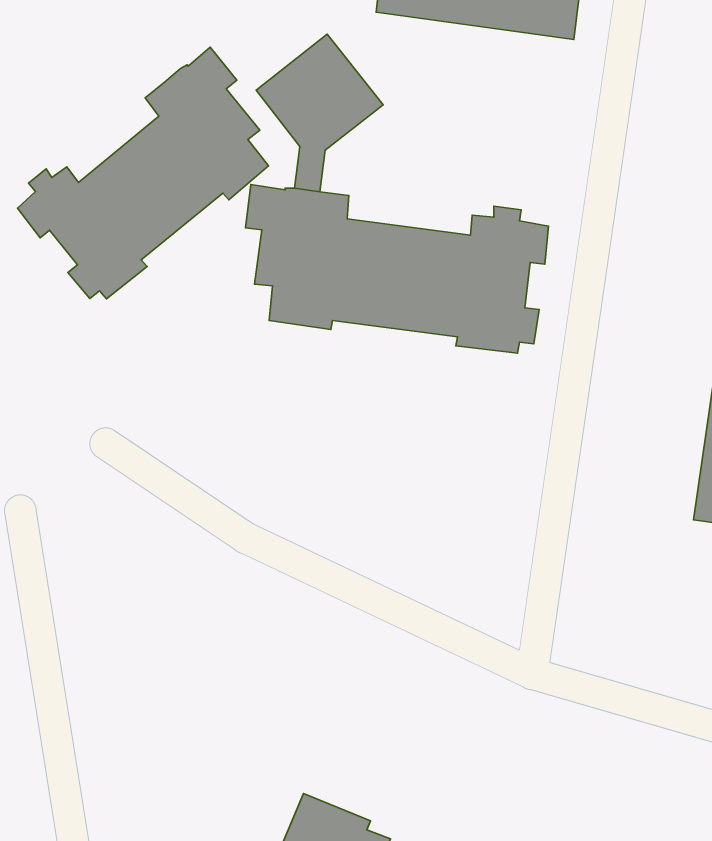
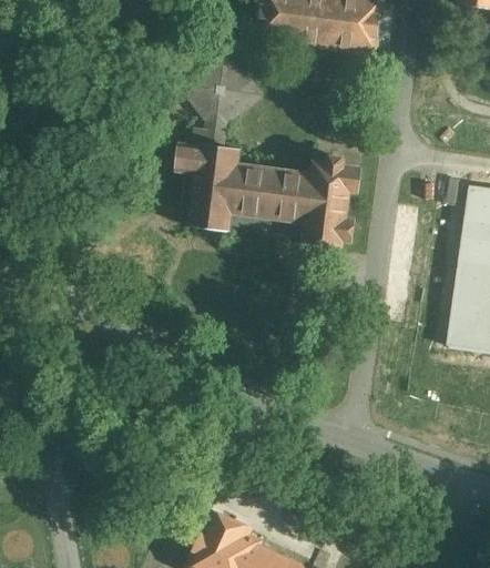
building: [18,47,268,299] -> none

